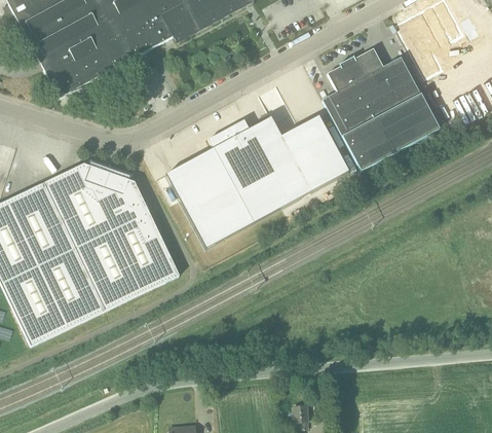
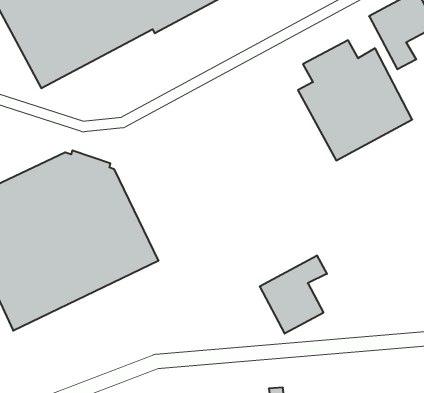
building: [164,115,348,248] -> none
building: none -> [260,255,327,334]

